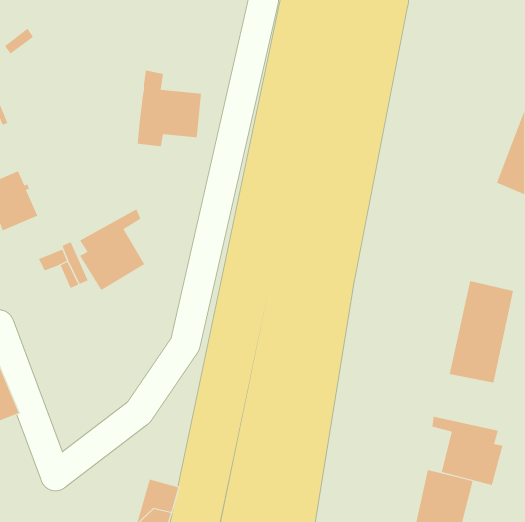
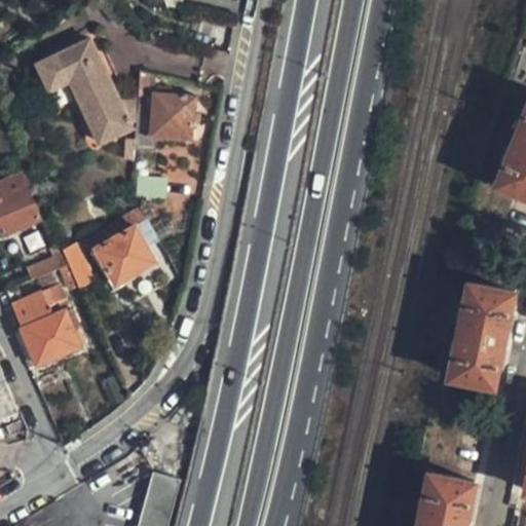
building: none -> [36,43,142,143]
building: none -> [7,281,82,366]
building: [432,416,503,486] -> none

